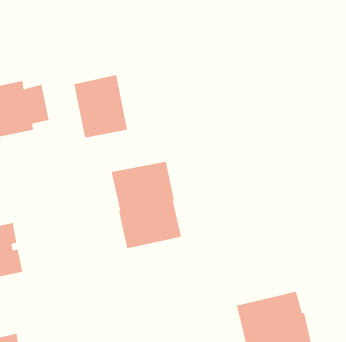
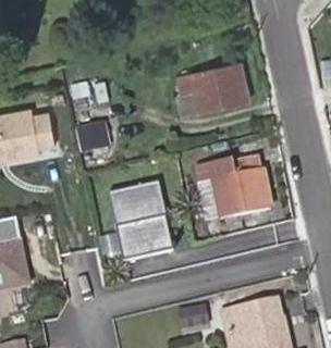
building: none -> [177,64,248,114]
building: none -> [195,154,270,216]

